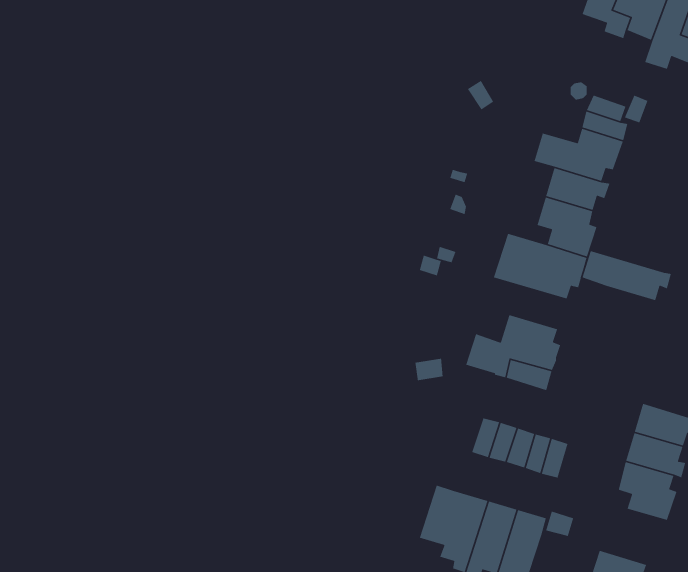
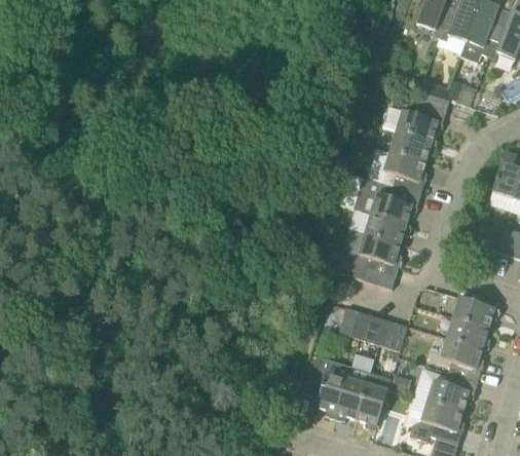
building: [582,250,672,301] -> [346,208,410,244]
building: none -> [428,372,476,411]

